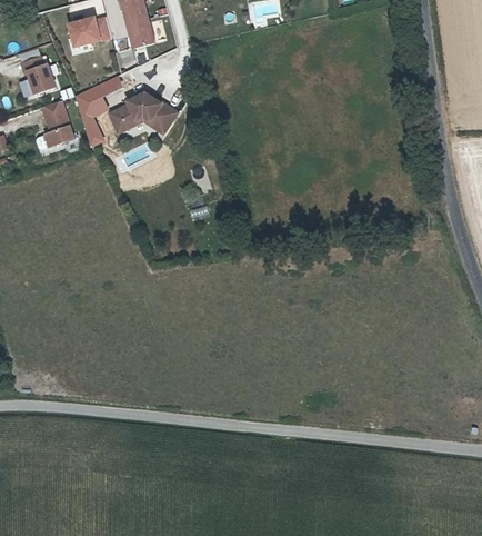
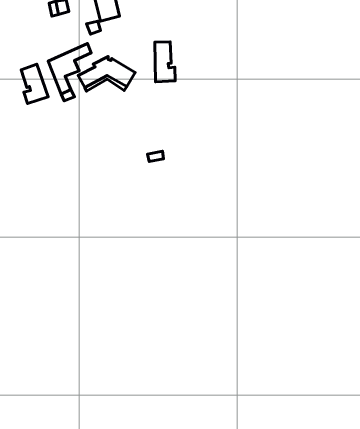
building: [20,57,53,93] -> none
building: none -> [155,42,175,82]

